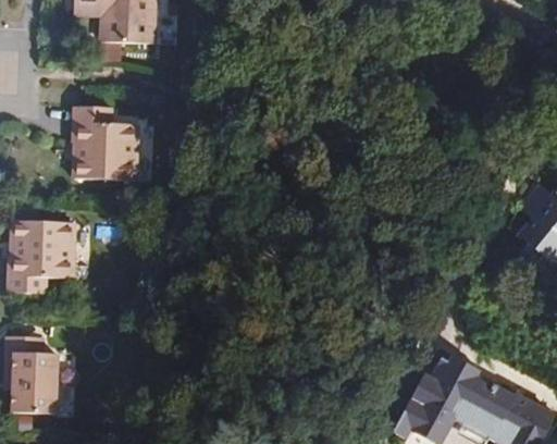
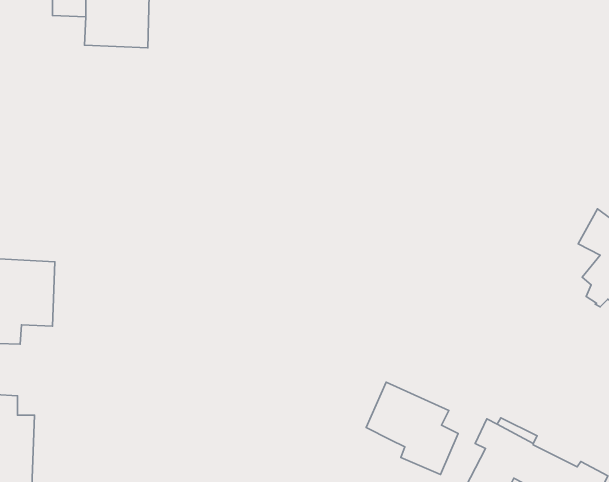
building: [72,107,138,181] -> none
building: none -> [366,382,458,475]

